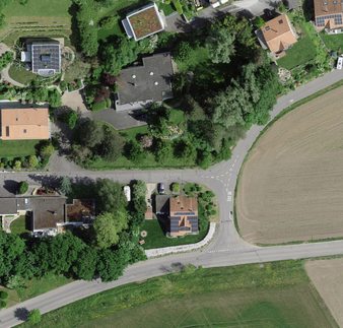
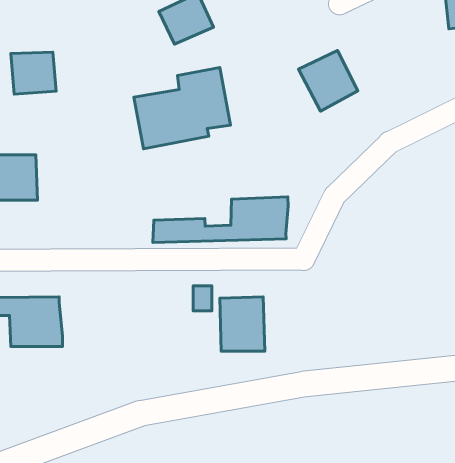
building: [263,11,301,51] -> [299,50,358,111]
building: none -> [153,197,288,243]
building: [65,202,96,225] -> none

